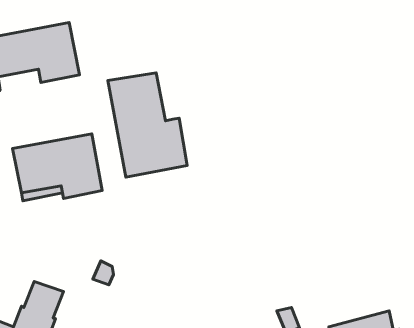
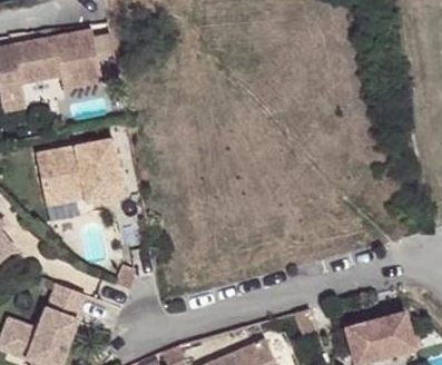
building: [108,73,187,177] -> none

